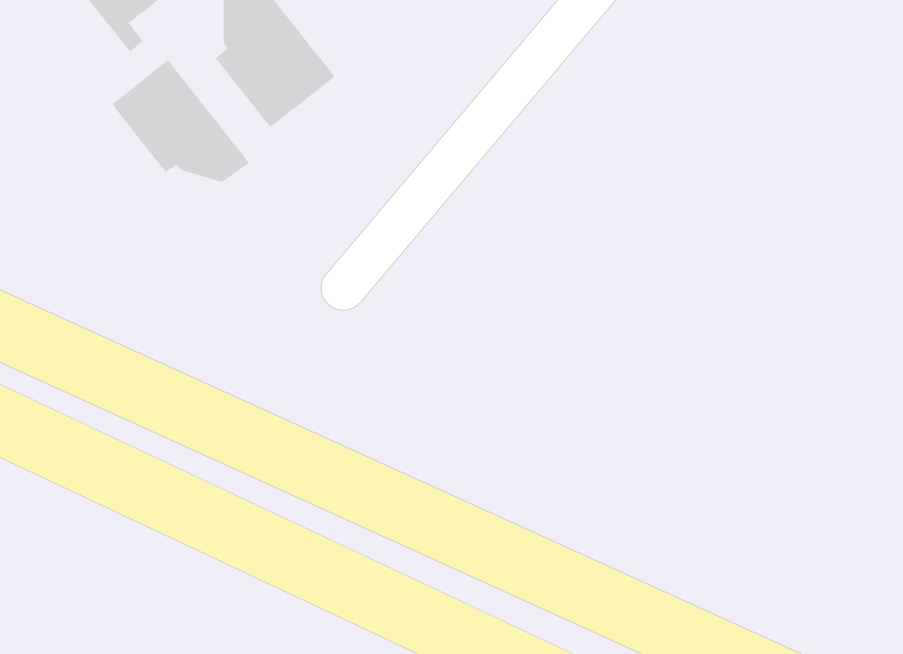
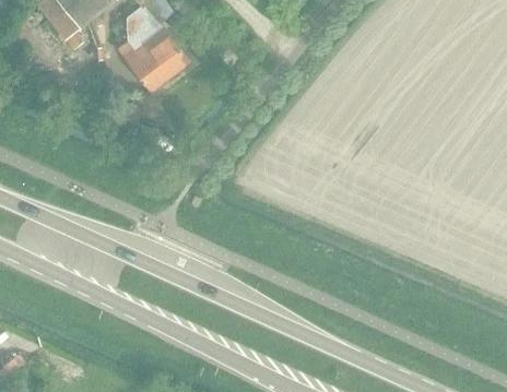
building: [111,59,250,183] -> none

